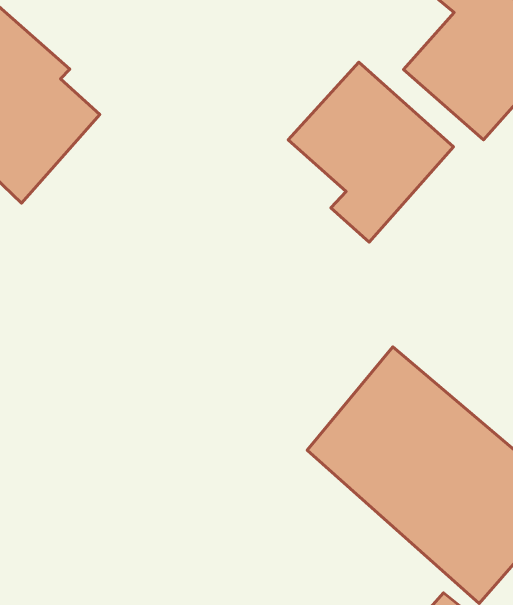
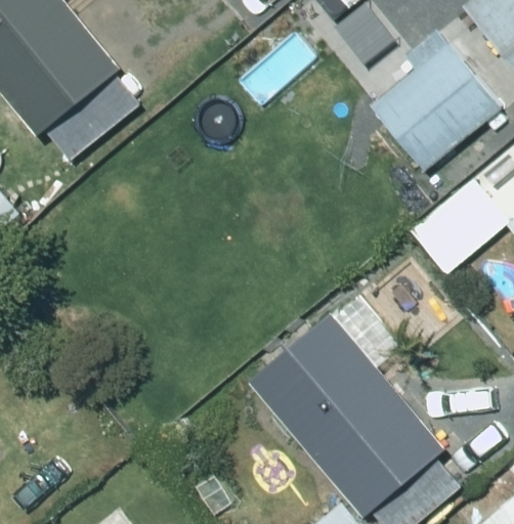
building: [288,62,453,242] -> none

